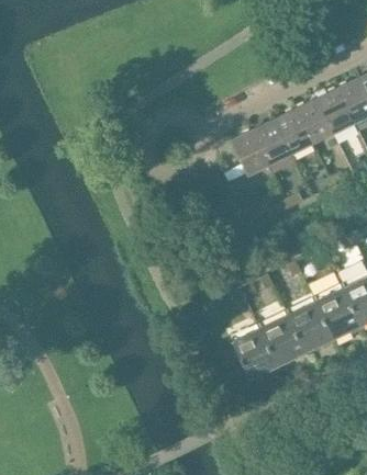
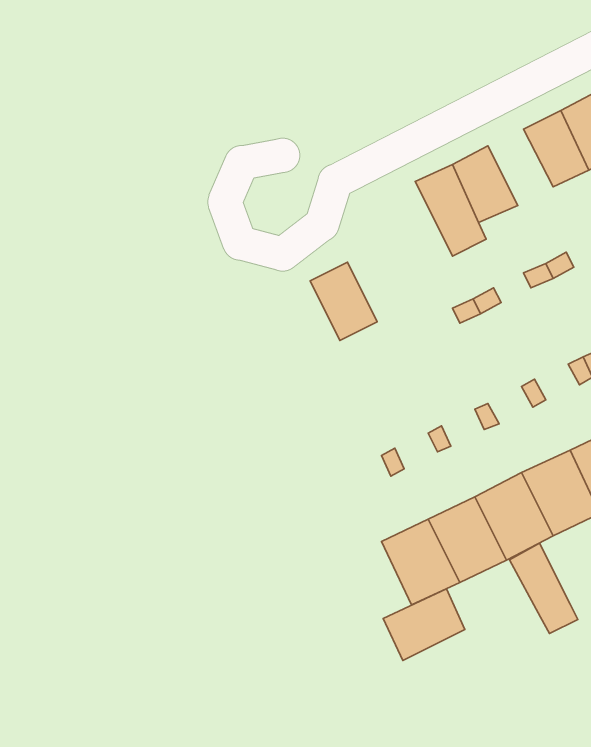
building: [293,100,332,145] -> none
building: [229,131,268,177] -> [310,262,377,340]
building: none -> [509,543,578,634]
building: none -> [383,589,465,661]

